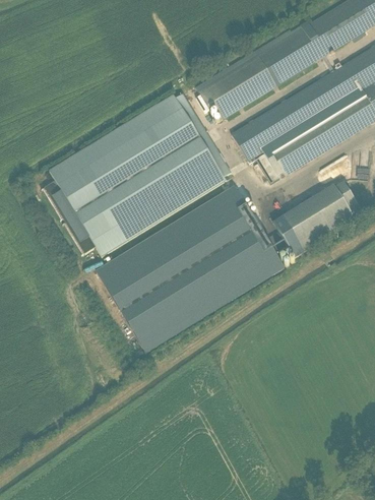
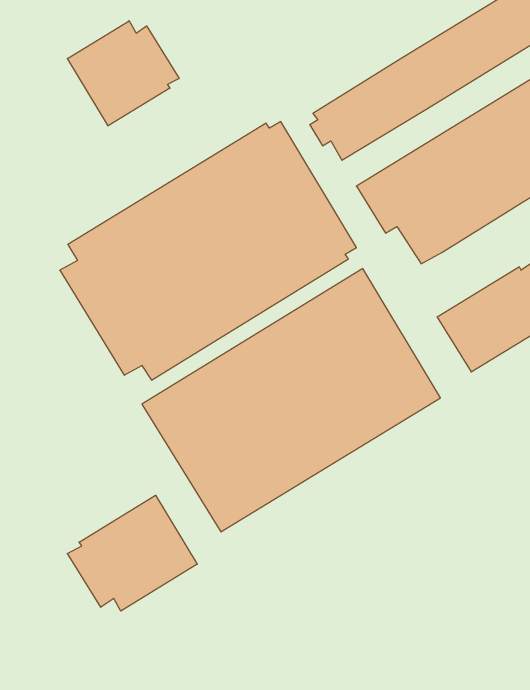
building: none -> [67,21,179,126]
building: none -> [67,495,197,611]

